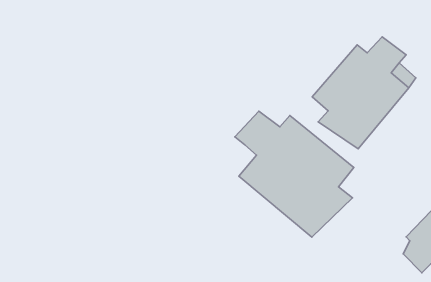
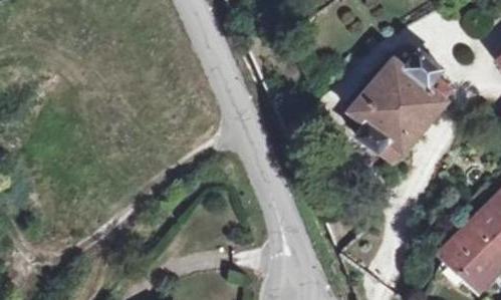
building: [235,111,354,237] -> none

